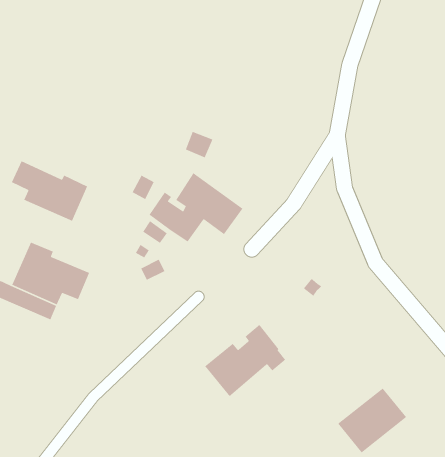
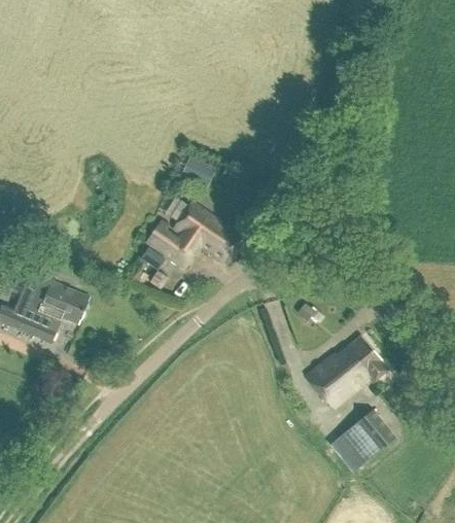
building: [11,160,88,222] -> none
building: [204,324,286,397] -> [307,335,386,406]

